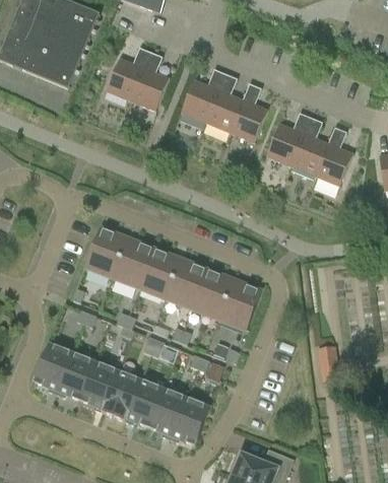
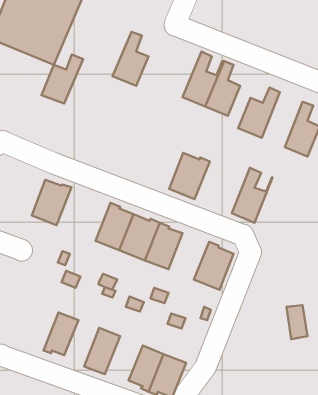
building: [106,47,150,99] -> [42,54,83,104]
building: [180,69,225,122] -> none
building: [290,117,334,176] -> [232,168,273,223]
building: [85,227,128,276] -> [32,180,72,225]
building: [190,268,234,318] -> [169,153,210,199]
building: [34,343,72,394] -> none
building: [78,361,116,411] -> none
building: [122,378,163,426] -> none

